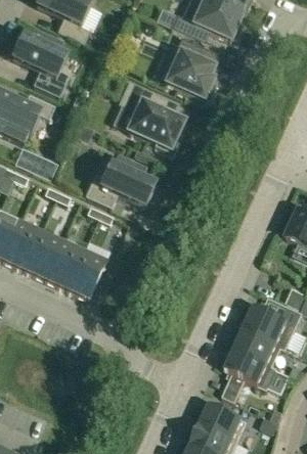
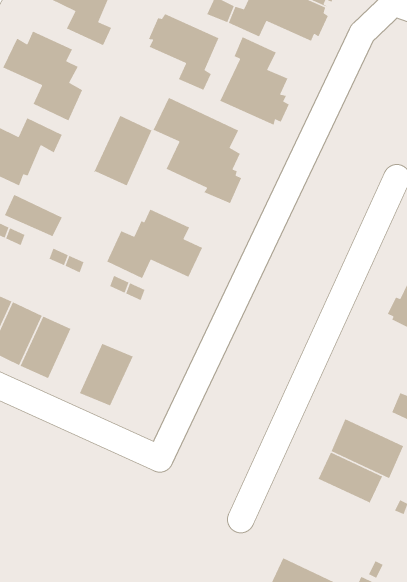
building: none -> [148,13,220,91]
building: none -> [93,115,153,187]
building: [44,241,82,287] -> none
building: [222,348,276,401] -> none

